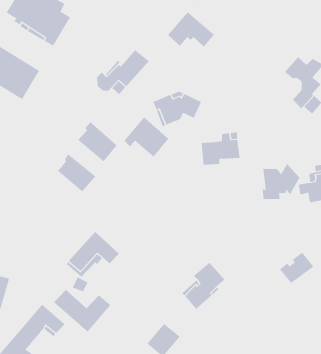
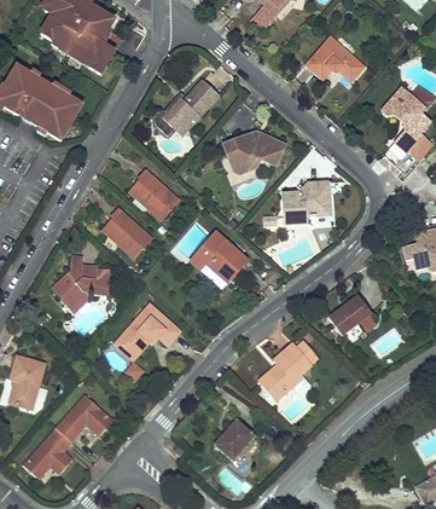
building: [167,12,215,47] -> [308,35,367,80]
building: [123,116,169,157] -> [192,230,249,280]
building: [262,163,300,200] -> none
building: none -> [51,254,111,313]
building: [279,252,314,284] -> [330,294,373,334]
building: [53,289,111,333] -> none

